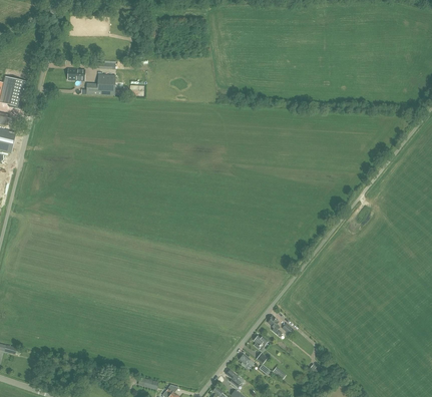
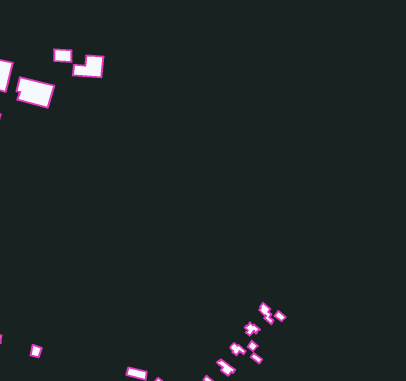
building: none -> [17,77,54,108]

